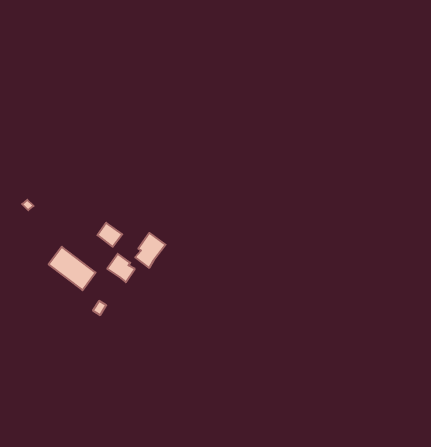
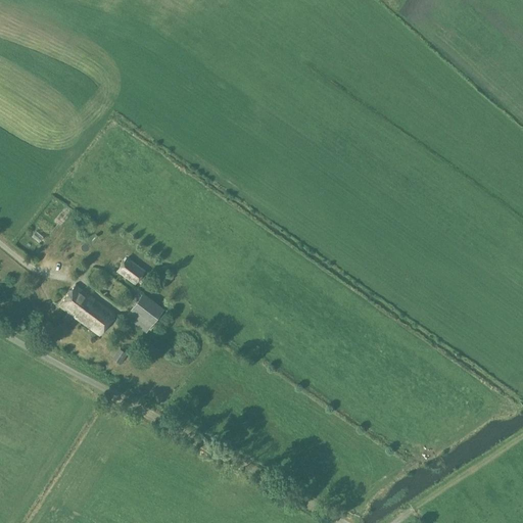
building: [135,233,166,268] -> none

